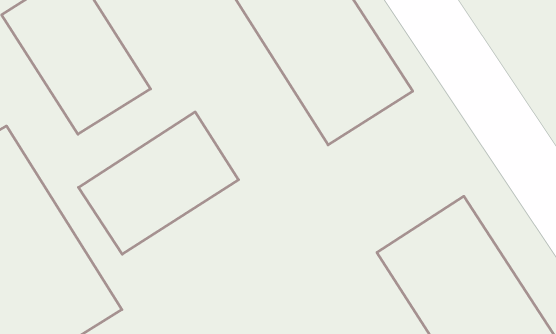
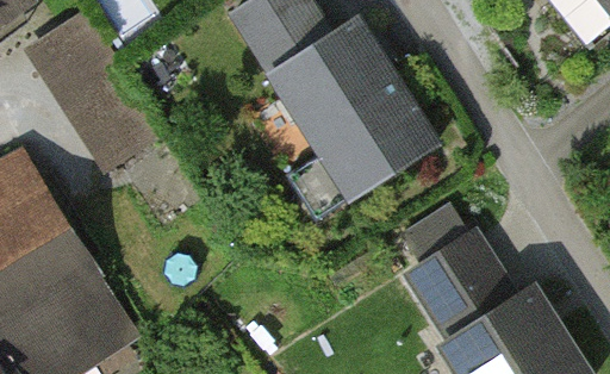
building: [78,112,239,254] -> none

